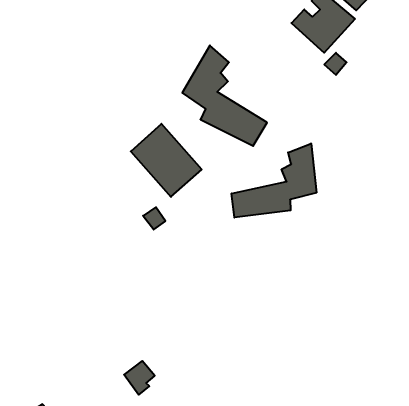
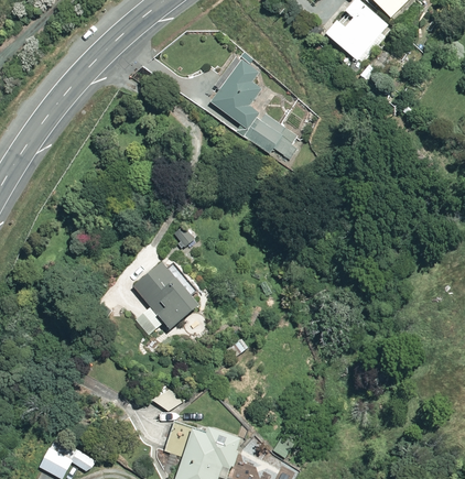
building: [131,124,202,197] -> [129,254,203,330]
building: [232,143,316,218] -> none

